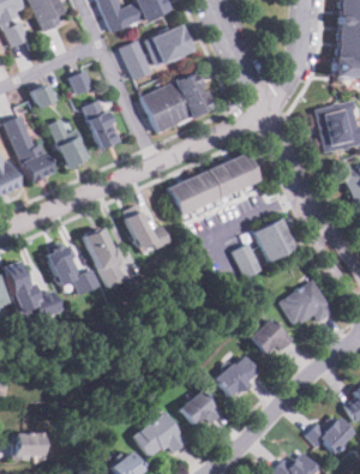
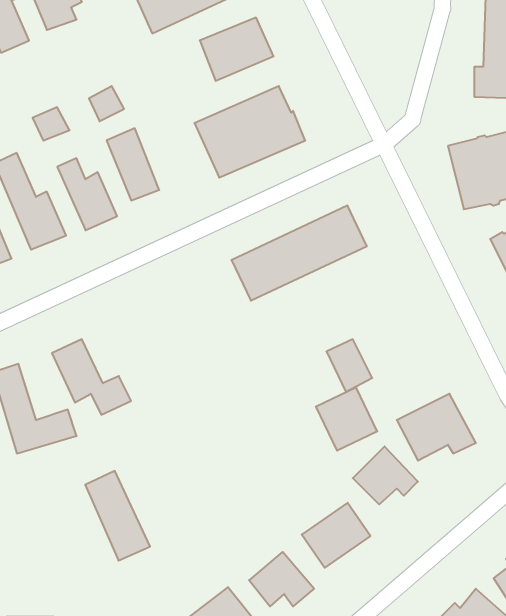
building: [120,41,152,80] -> none
building: [124,205,170,254] -> none
building: [253,218,295,262] -> [316,387,377,451]
building: [83,228,127,289] -> [85,471,150,561]

